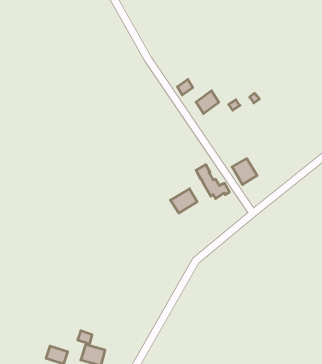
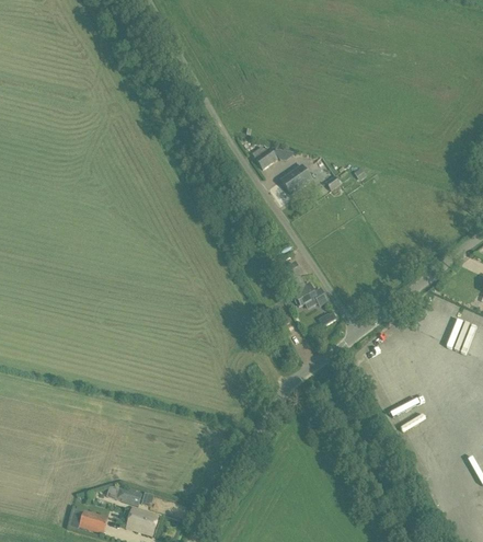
building: [232,159,257,185] -> none
building: [170,189,197,213] -> none

